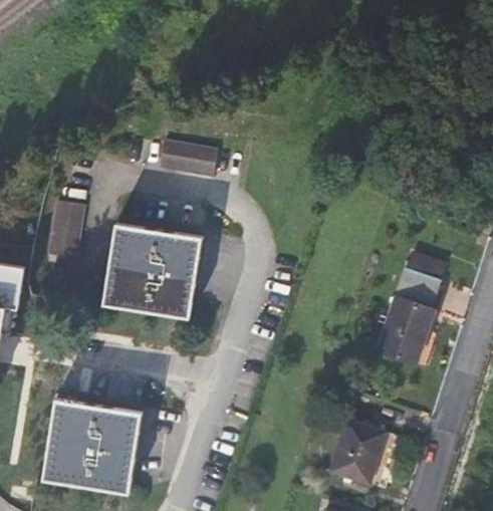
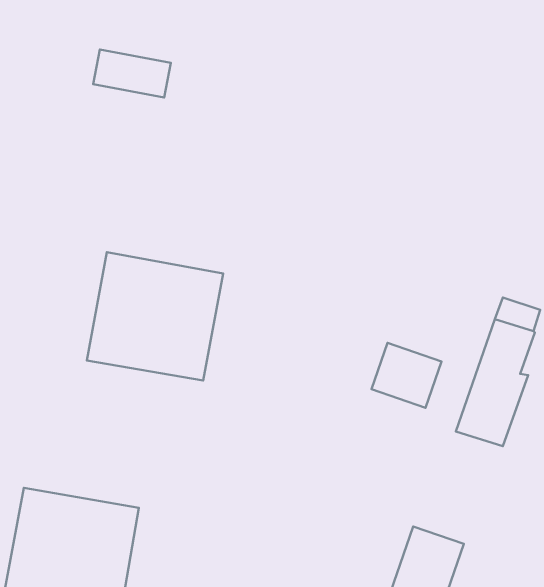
building: [163,141,221,177] -> [93,49,171,98]
building: [48,196,85,253] -> none
building: none -> [371,343,442,408]

